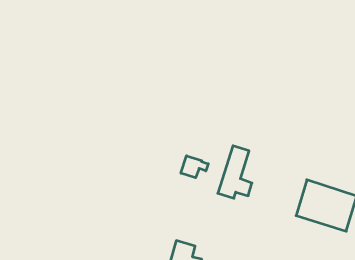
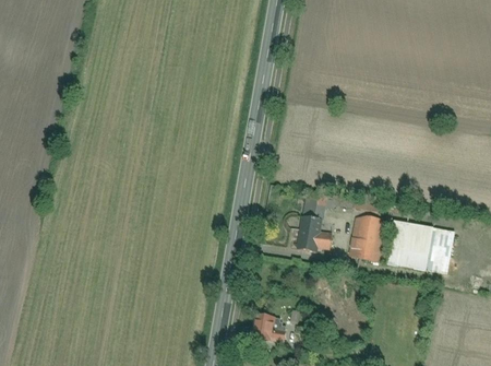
building: [181,156,208,178] -> none
building: none -> [348,217,387,261]

